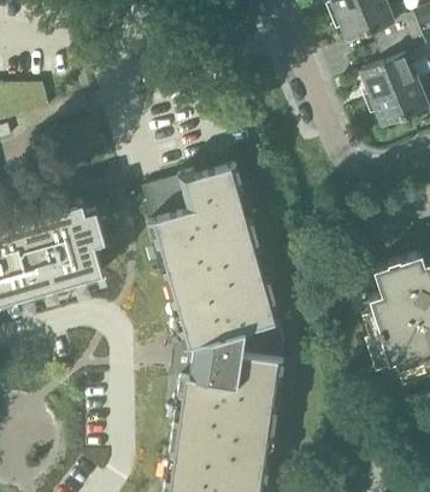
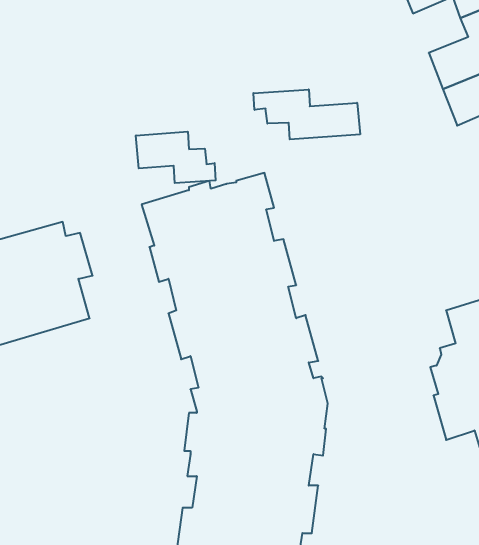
building: none -> [253,89,360,139]
building: none -> [136,132,216,183]

